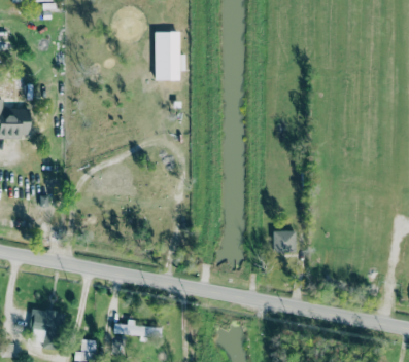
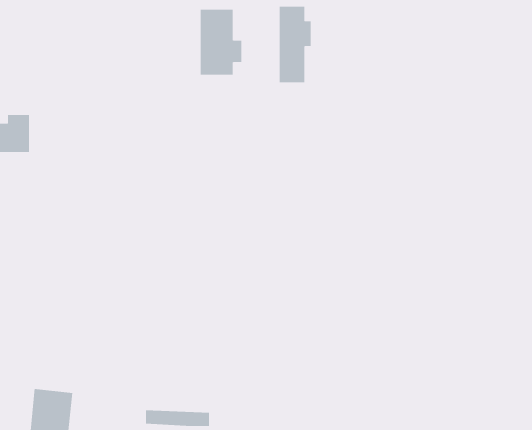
building: none -> [279,6,311,83]
building: [273,229,296,251] -> none

